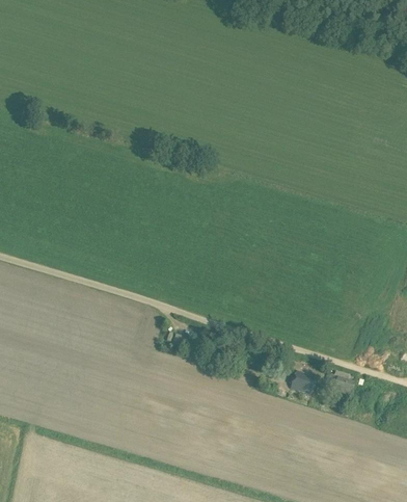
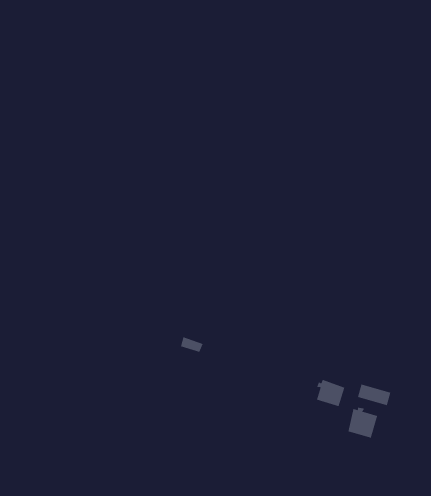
building: none -> [348,407,378,438]

